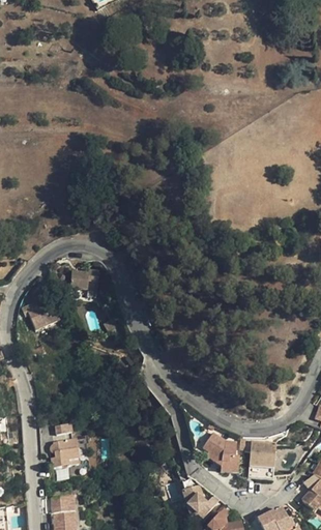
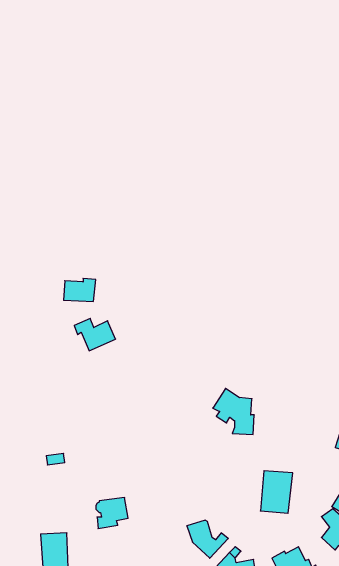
building: [23,300,60,329] -> [74,318,116,351]
building: [203,431,240,472] -> [213,388,254,434]
building: [51,440,80,468] -> [96,498,128,529]

